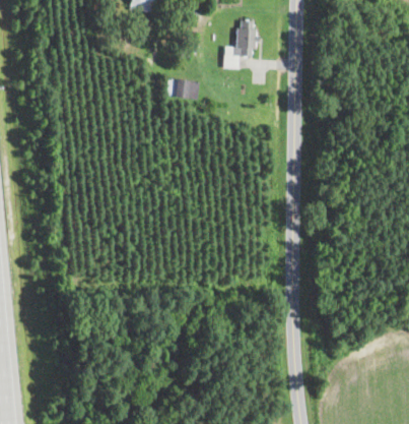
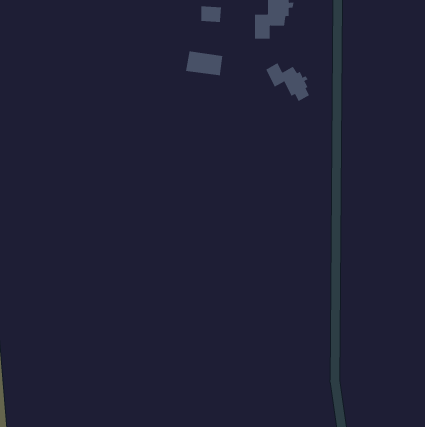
building: none -> [265,62,310,102]

